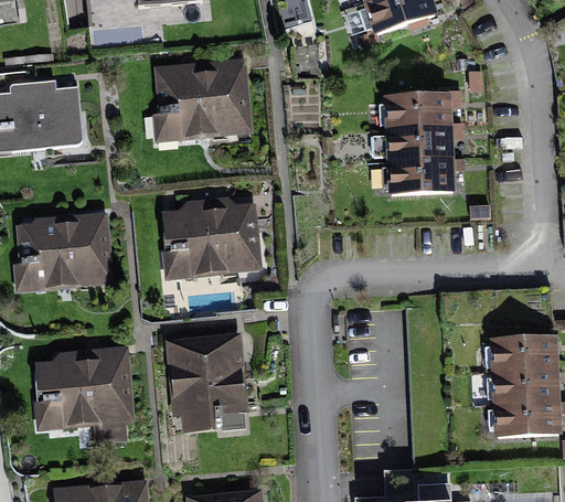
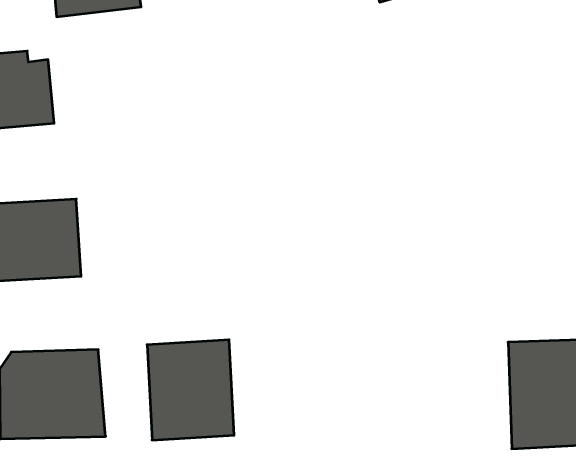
building: [147,62,244,139] -> none
building: [392,94,461,188] -> none
building: [164,206,255,278] -> none

